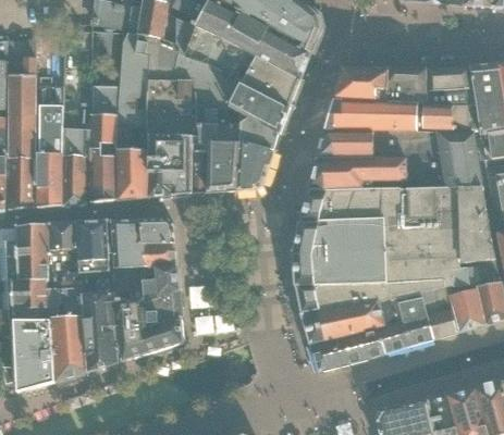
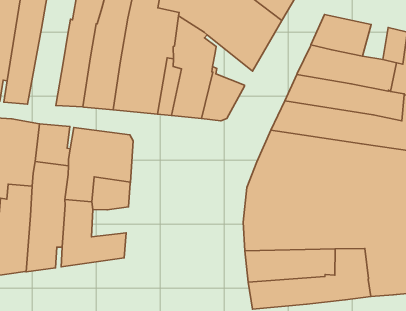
building: [385,67,406,100] -> none
building: [225,105,279,149] -> none
building: [61,127,89,204] -> none
building: [144,289,181,325] -> none

